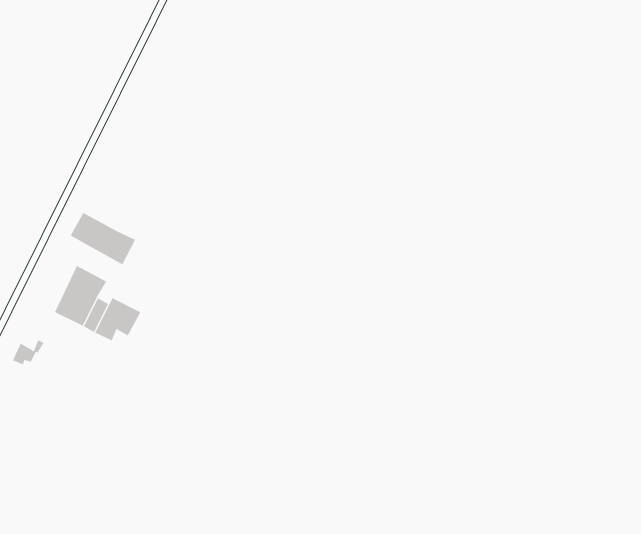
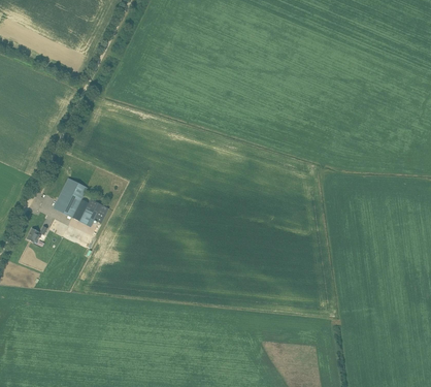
building: [70,212,136,265] -> none

